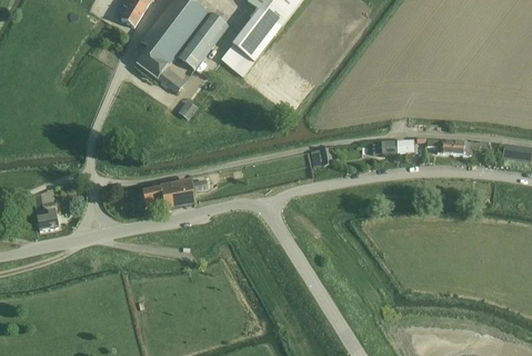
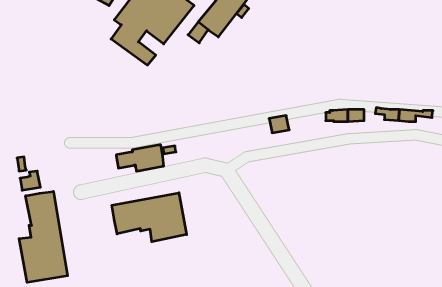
building: none -> [19,191,68,282]
building: none -> [112,193,187,242]

